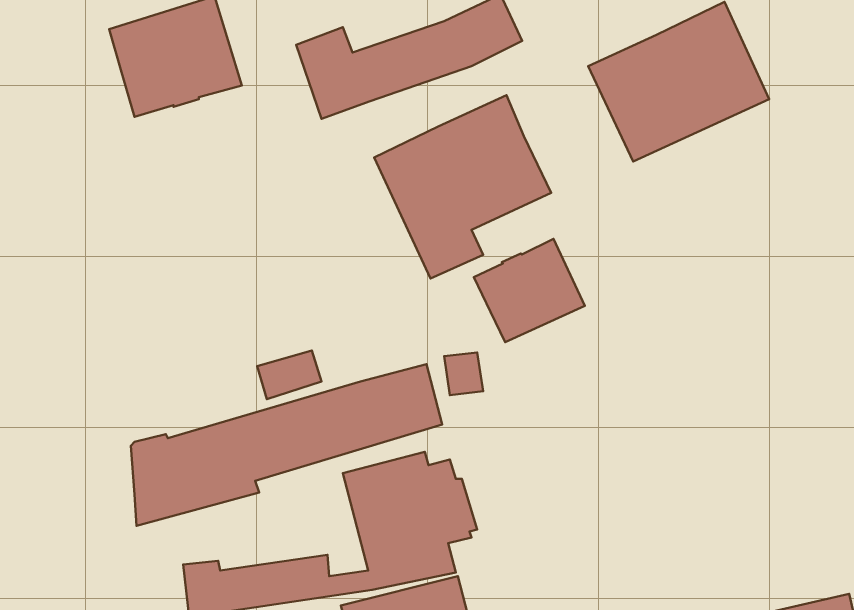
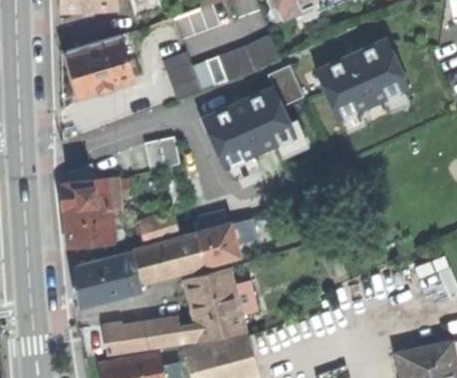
building: none -> [266,64,302,106]
building: none -> [147,134,180,165]
building: [474,239,585,342] -> none
building: none -> [63,177,121,247]

